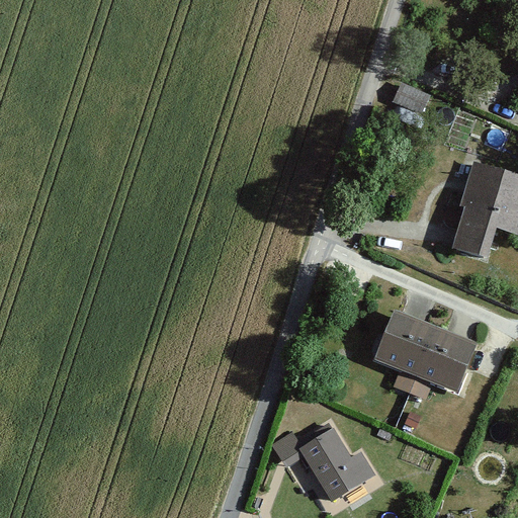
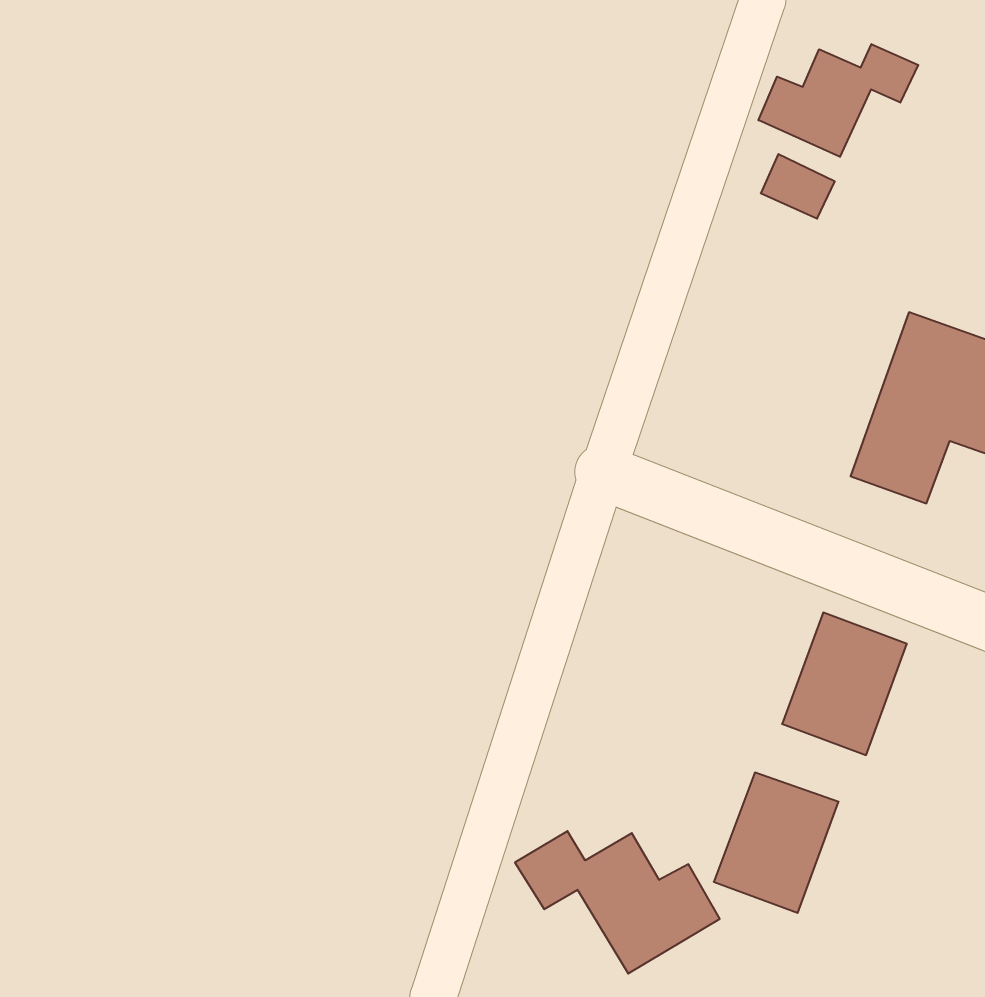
building: none -> [758,44,918,157]
building: [368,303,433,375] -> [714,773,839,913]

